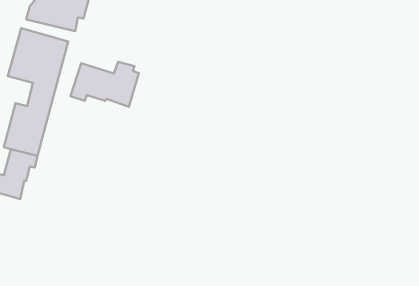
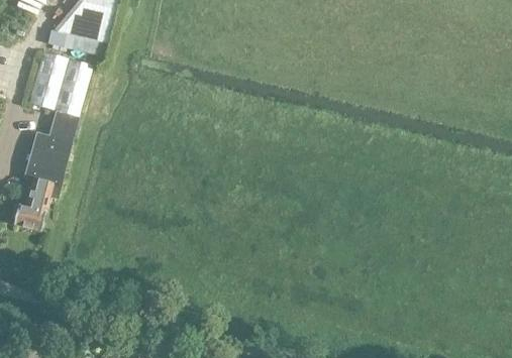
building: [70,62,139,107] -> none

